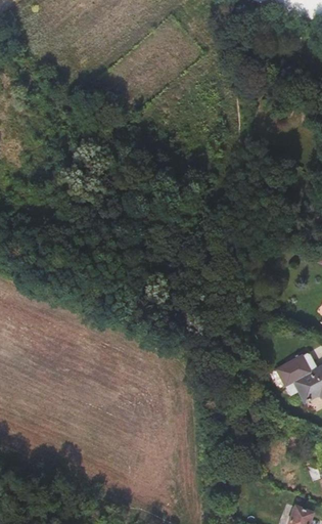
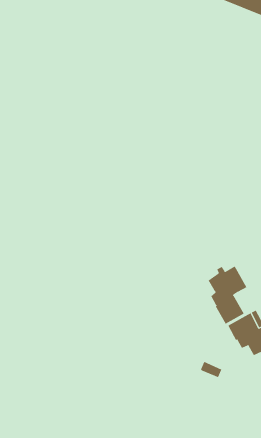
building: none -> [208,266,247,324]

